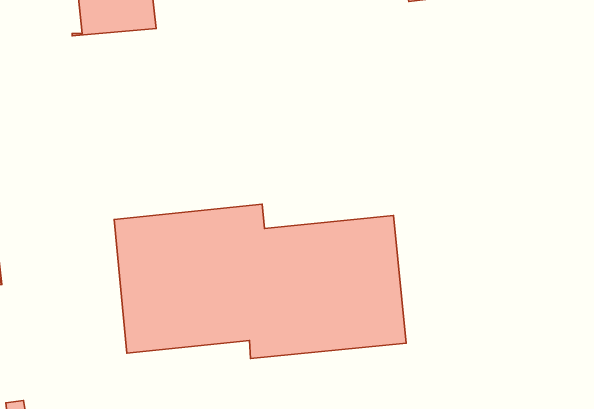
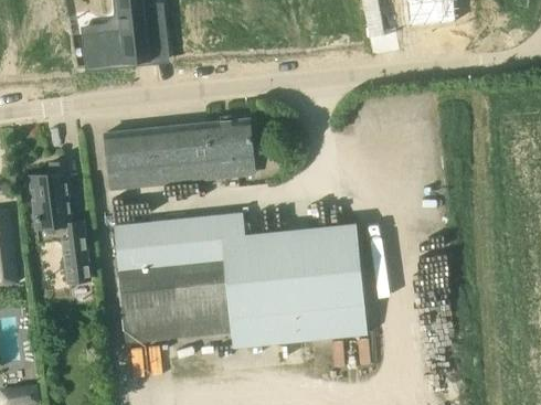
building: none -> [105,119,253,190]
building: none -> [30,161,89,281]

